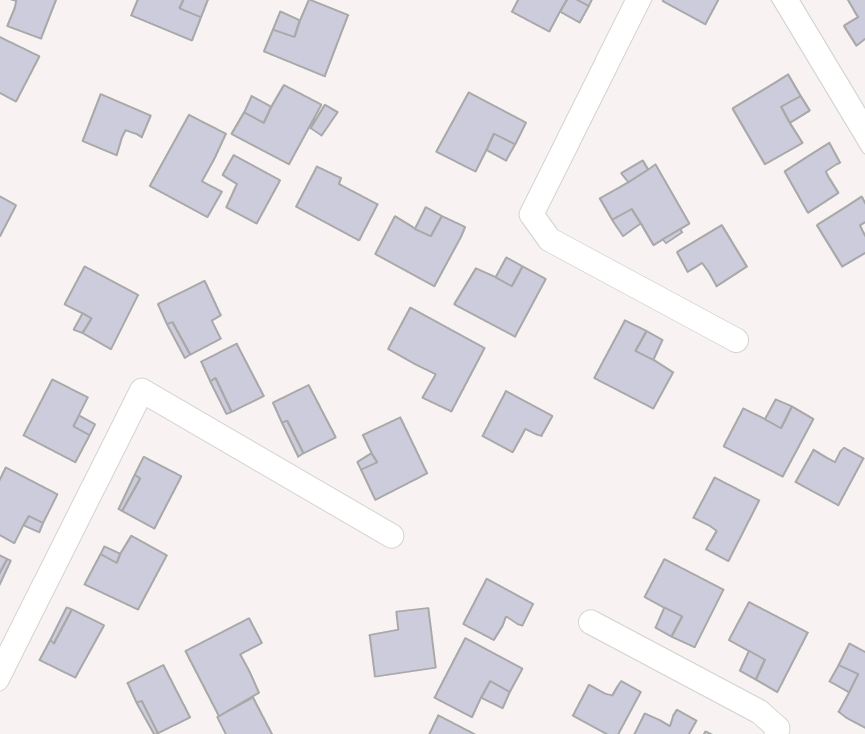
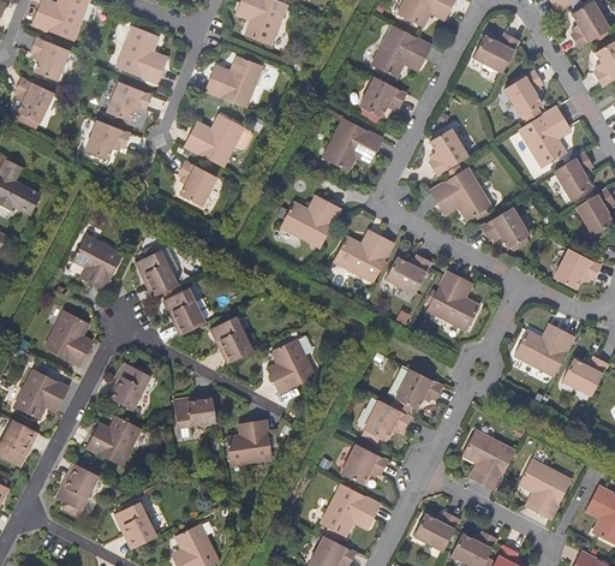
building: none -> [503,70,543,117]
building: none -> [358,78,405,119]
building: none -> [107,83,153,123]
building: none -> [430,127,468,174]
building: [150,115,226,217] -> none
building: [296,166,378,240] -> none
building: none -> [551,249,598,290]
building: none -> [386,256,430,294]
building: [388,308,485,412] -> none
building: [482,391,552,452] -> [394,369,441,410]
building: [693,477,759,561] -> none
building: none -> [173,398,215,427]
building: none -> [362,401,408,441]
building: [369,608,436,676] -> [226,419,270,465]
building: [186,618,262,716] -> none

